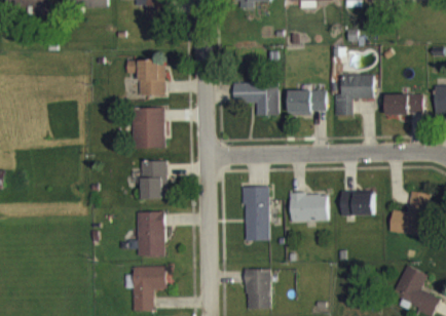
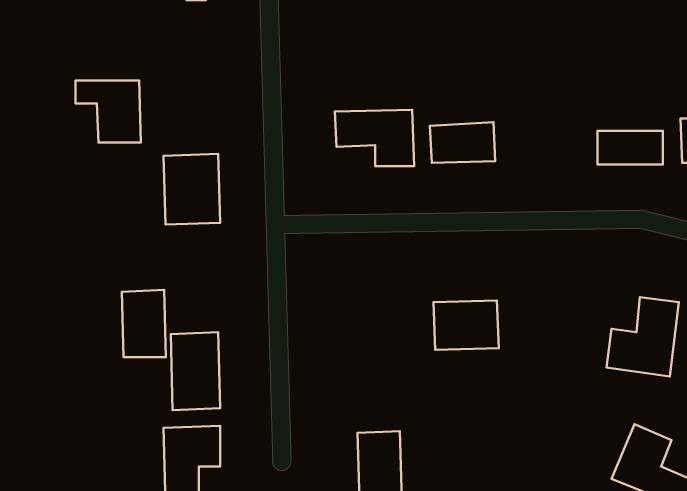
building: [126,60,164,95] -> [76,81,141,142]
building: [334,75,373,115] -> none
building: [141,160,166,199] -> [122,290,166,357]
building: [244,187,269,241] -> none
building: [341,192,374,215] -> none

